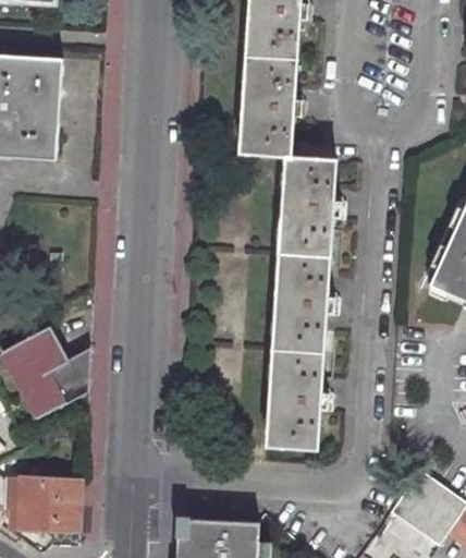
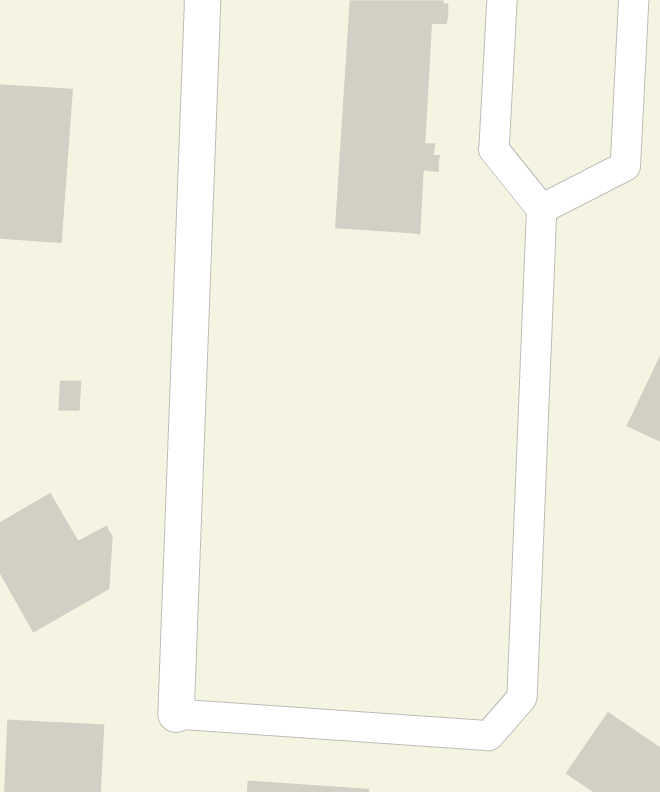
building: [265,155,345,447] -> none

